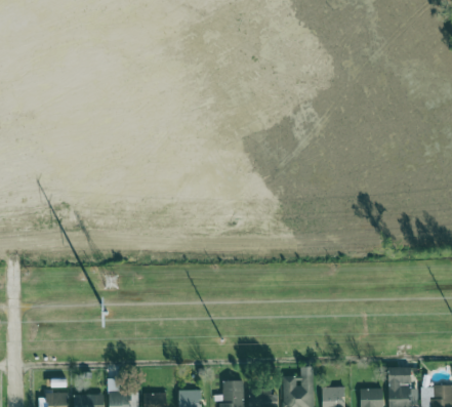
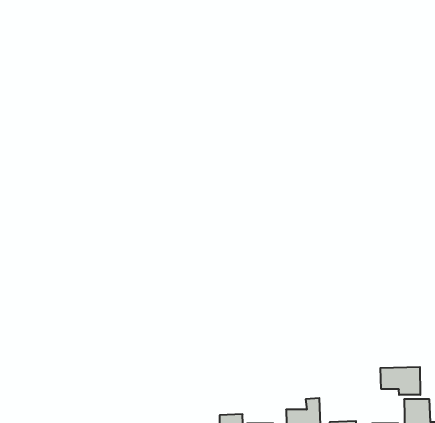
building: none -> [380,367,420,395]

